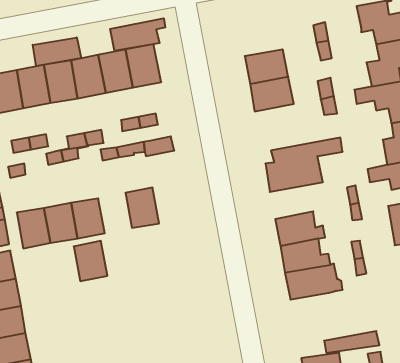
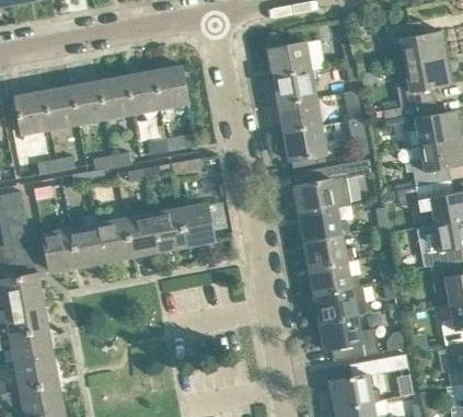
building: [110,18,165,51] -> none
building: none -> [267,42,311,77]
building: [33,37,81,66] -> none
building: none -> [282,125,327,161]
building: none -> [180,205,213,245]
building: none -> [298,207,349,241]
building: [74,241,107,281] -> [125,215,159,255]
building: none -> [319,315,379,361]

